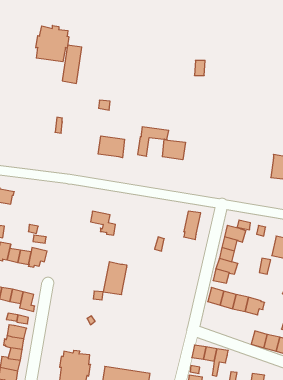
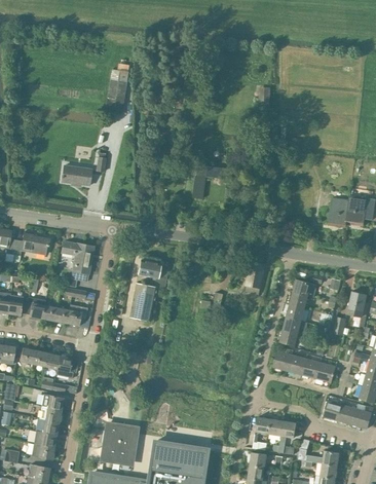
building: [36,25,69,62] -> none
building: none -> [62,165,91,186]
building: [98,136,124,158] -> none
building: [162,139,185,160] -> none
building: none -> [329,198,349,227]
building: none -> [62,241,93,273]
building: [103,262,127,295] -> [128,283,156,321]

